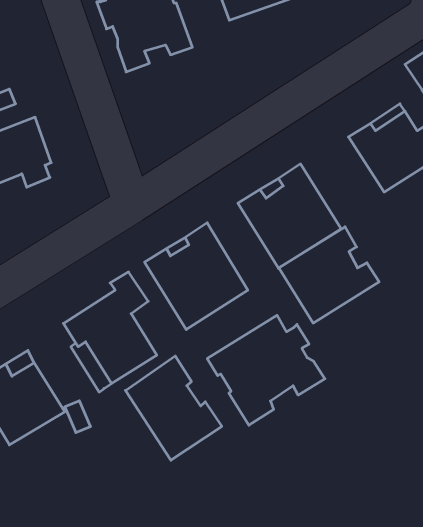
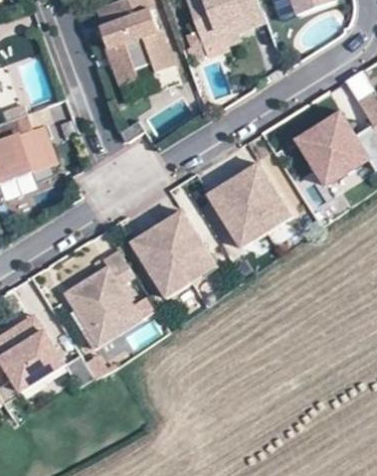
building: [279,227,379,323] -> none
building: [207,315,325,425] -> none
building: [125,356,222,460] -> none

